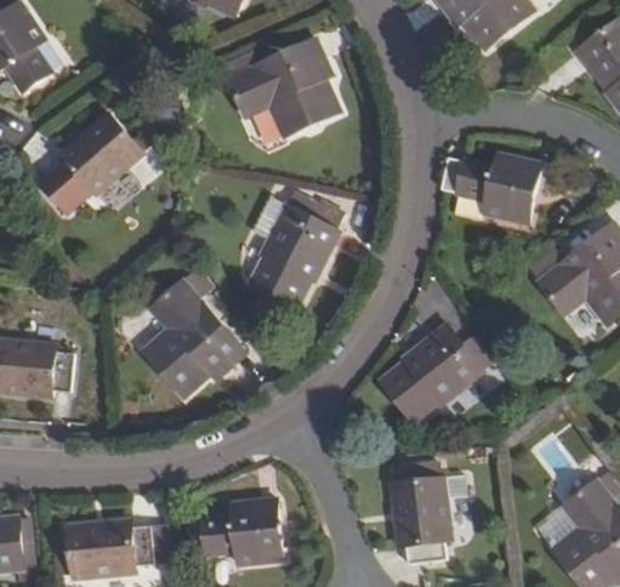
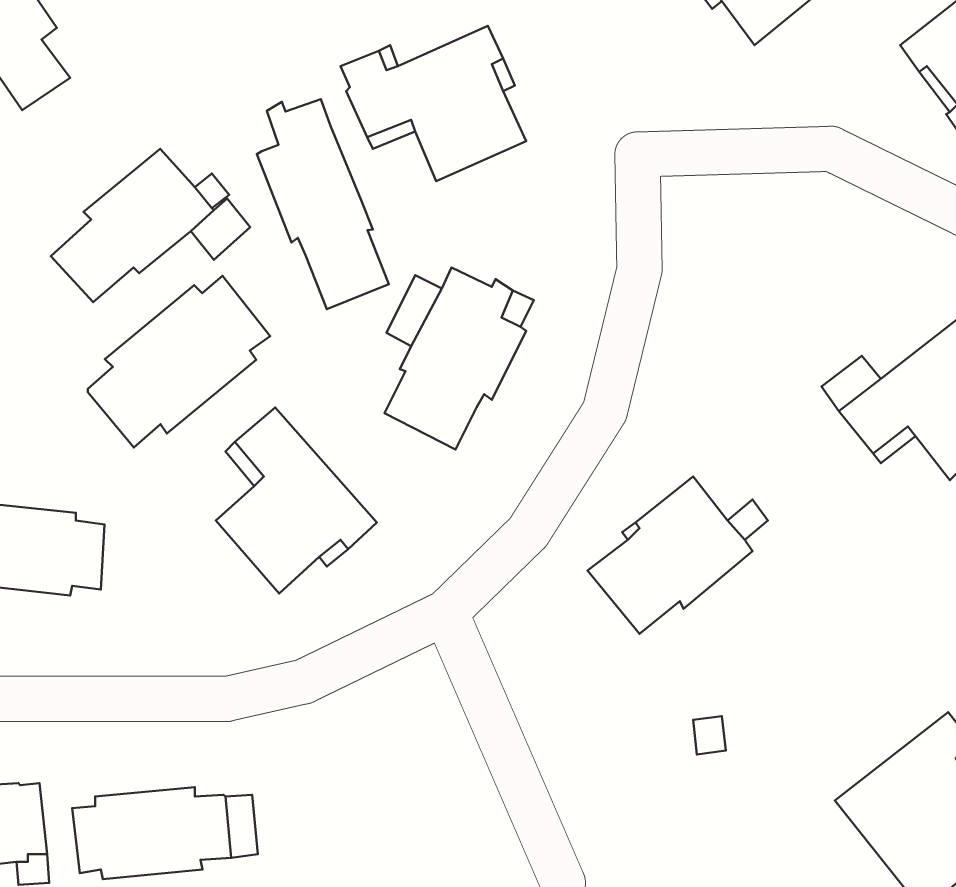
building: none -> [257,99,389,309]
building: [443,153,541,223] -> none
building: none -> [88,276,270,448]
building: [391,462,450,565] -> none
building: [189,496,284,562] -> none

